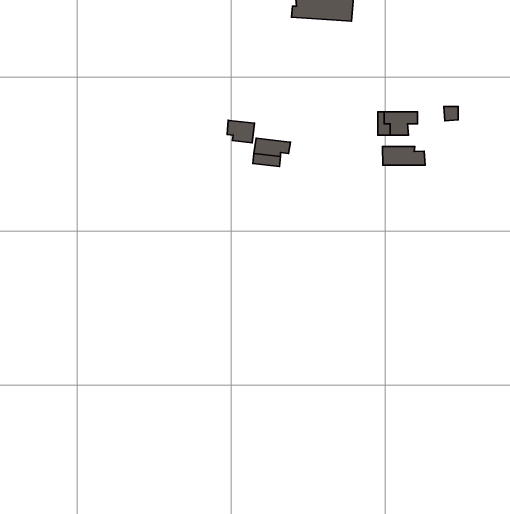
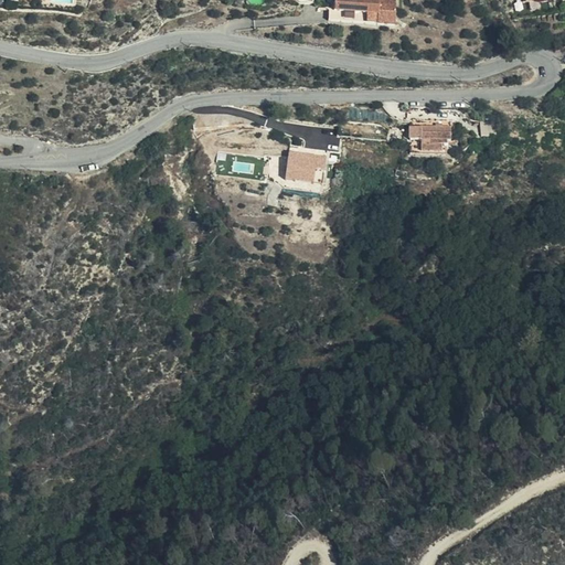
building: [227,120,254,143] -> none
building: [383,146,425,165] -> none

